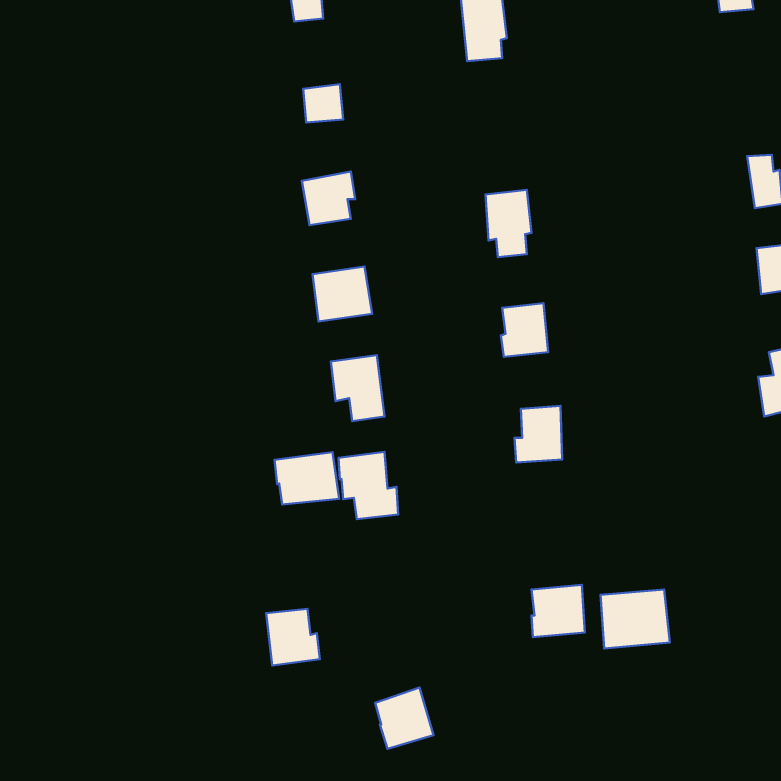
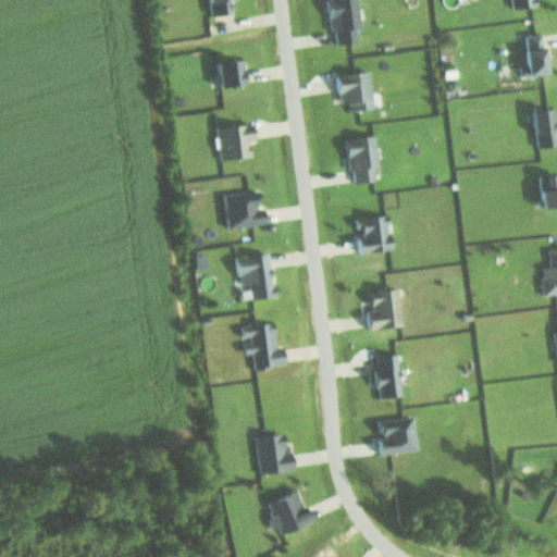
building: none -> [520,33,546,76]
building: none -> [337,71,373,111]
building: [274,452,339,505] -> none
building: none -> [375,355,401,398]
building: [600,590,670,648] -> none
building: [266,609,320,665] -> [255,432,293,472]

